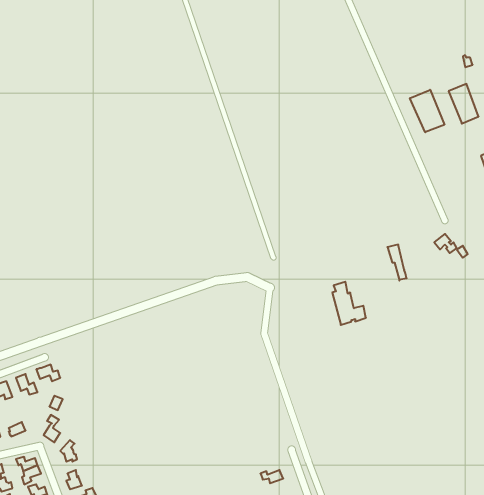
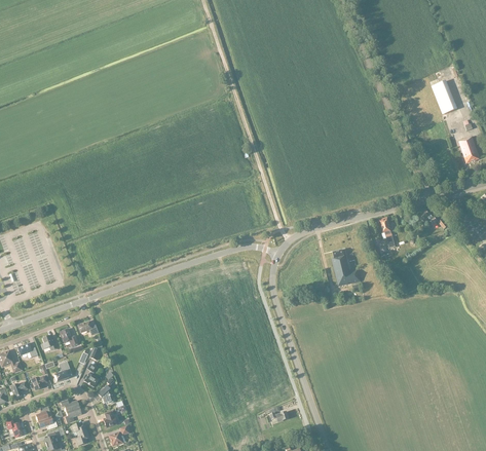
building: [410,90,444,132] -> none

